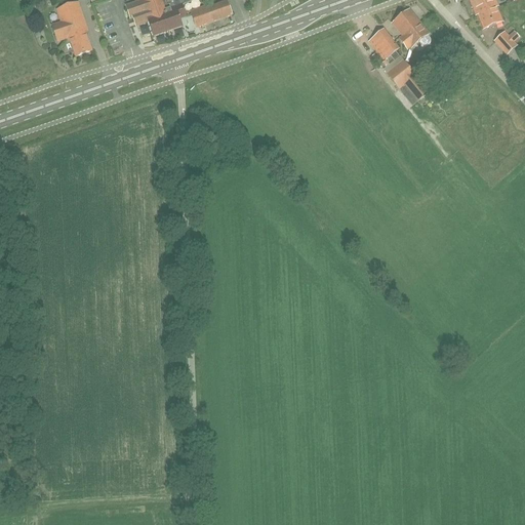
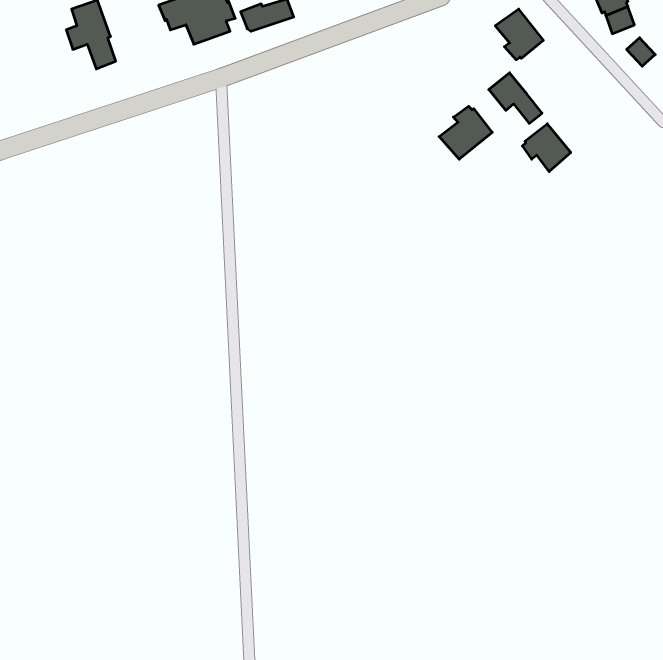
building: [368,28,398,58] -> none
building: none -> [439,106,492,159]
building: none -> [522,124,571,172]

